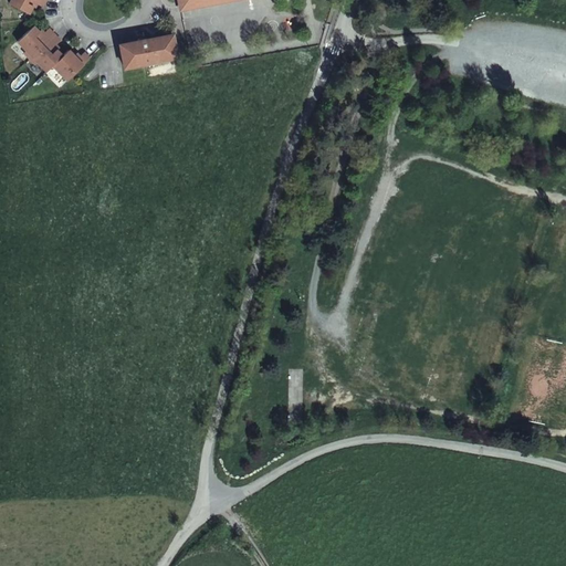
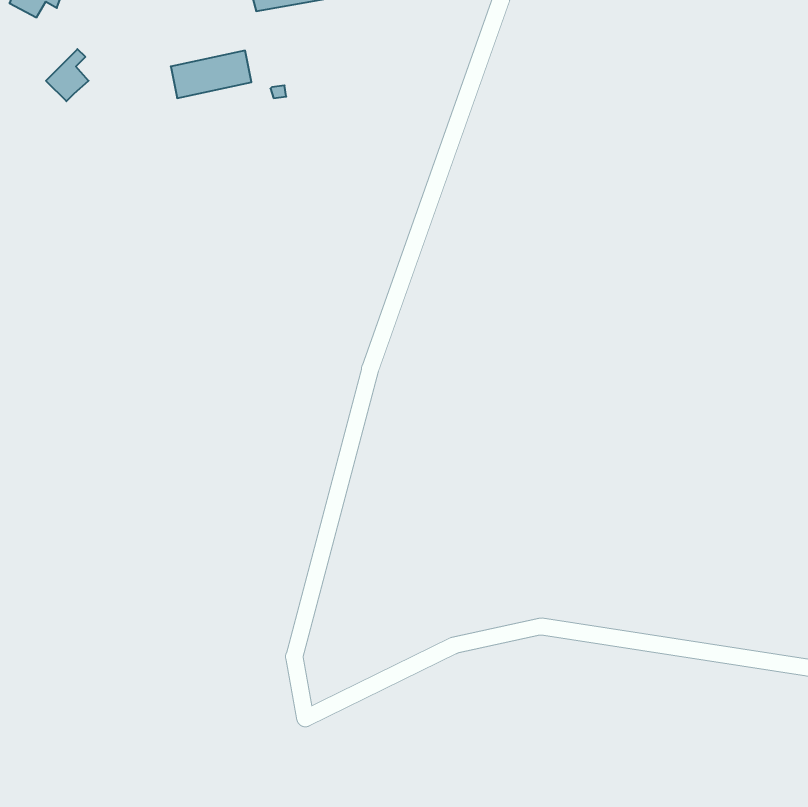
building: [17,25,54,56] -> none
building: [52,50,90,81] -> none

